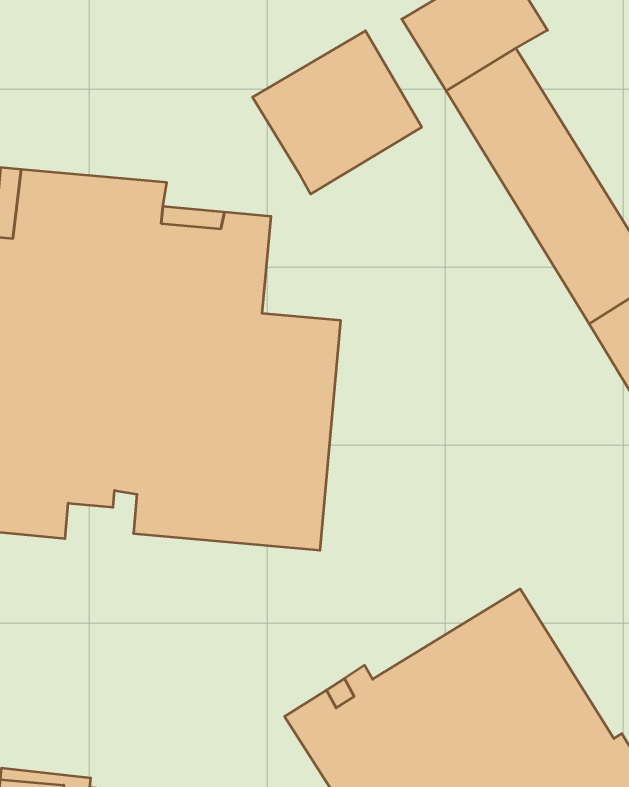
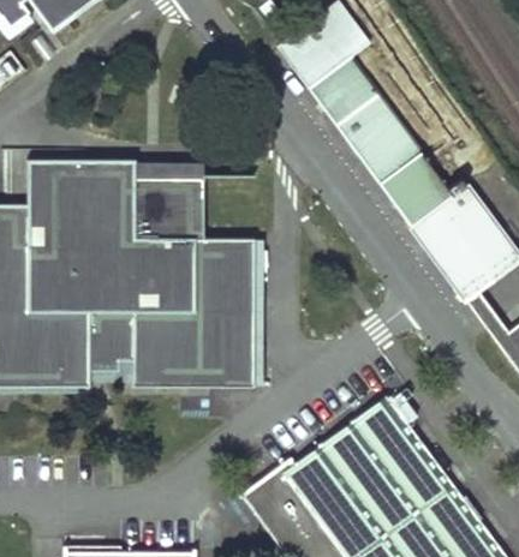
building: [253,31,422,194] -> none

